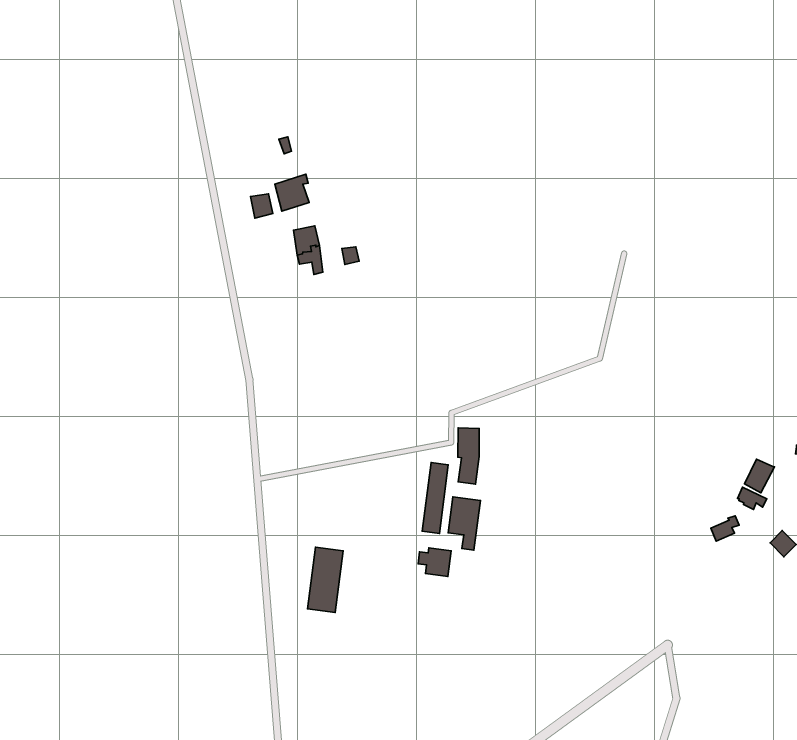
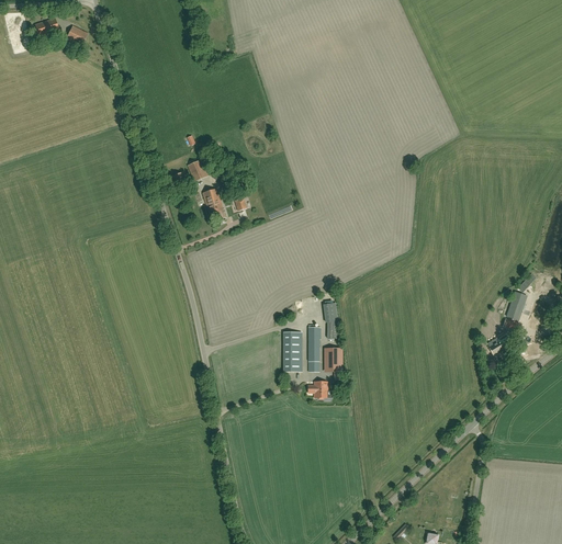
building: [308,547,343,613] -> [284,331,302,371]

